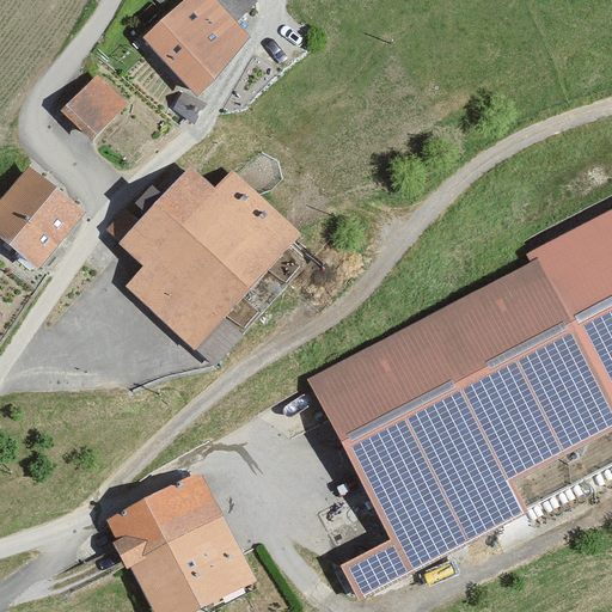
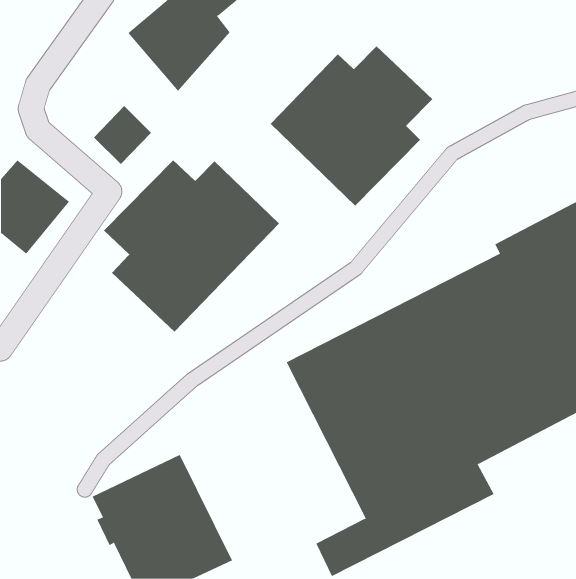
building: none -> [270,45,433,206]
building: [67,72,128,134] -> [93,105,152,165]

